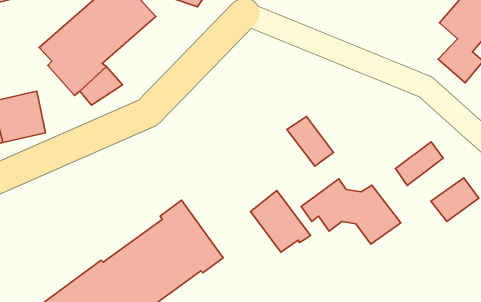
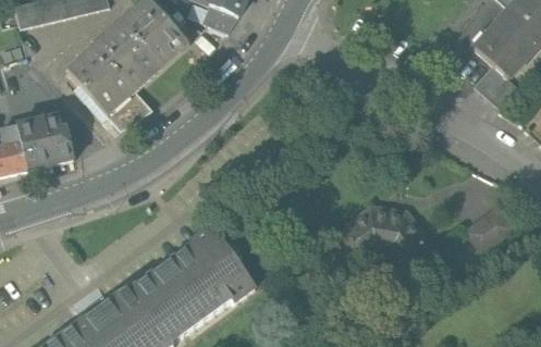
building: [287,116,333,166] -> none
building: [396,142,443,186] -> none
building: [251,191,310,252] -> none

